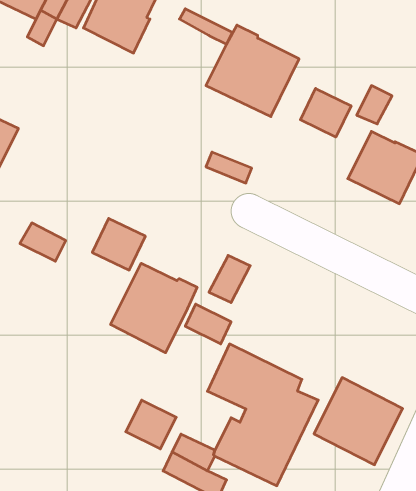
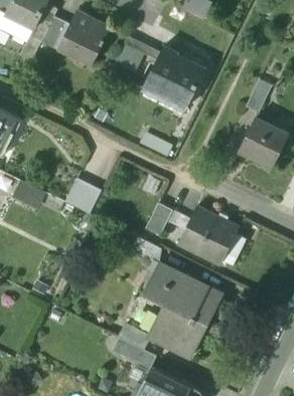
building: none -> [112,41,144,75]
building: [300,88,351,137] -> none
building: [111,263,197,353] -> none
building: [314,378,403,465] -> [177,205,238,264]
building: [126,400,176,449] -> none

